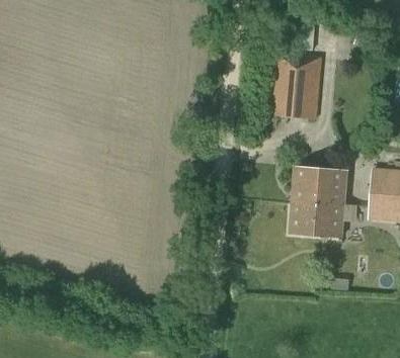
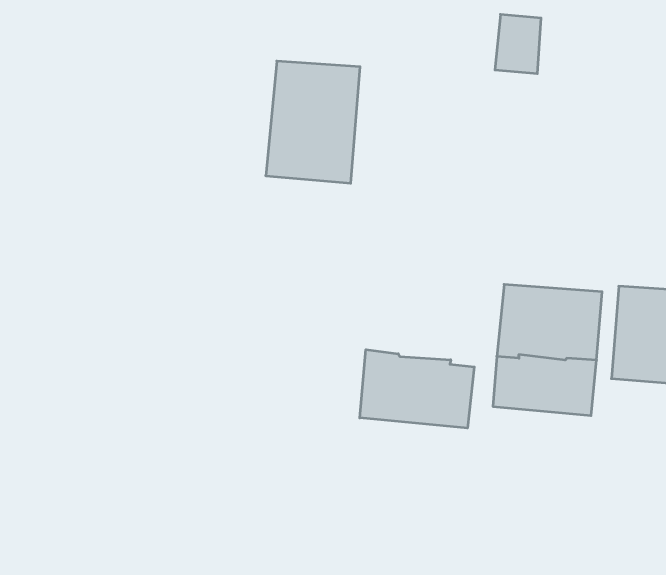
building: [270,53,322,119] -> [266,61,360,183]
building: none -> [360,350,474,428]

